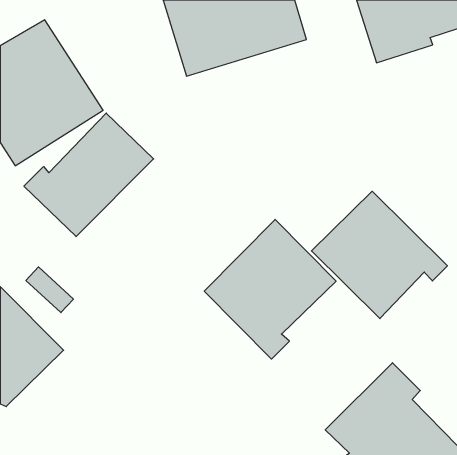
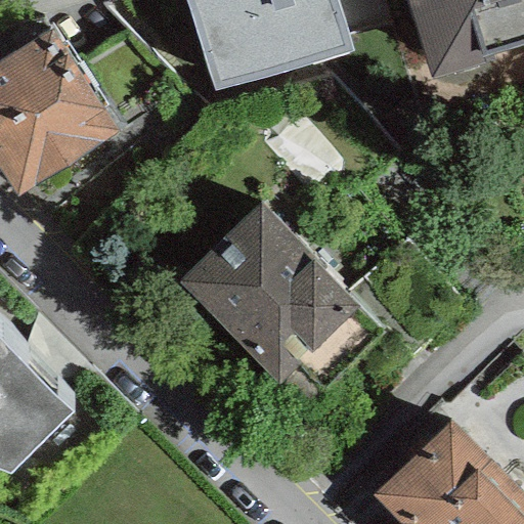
building: [24,113,154,237] -> none
building: none -> [178,199,315,336]
building: [311,191,447,319] -> none

